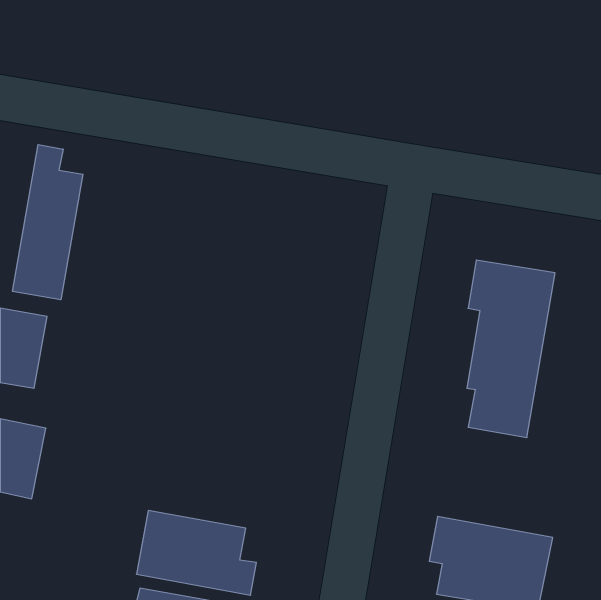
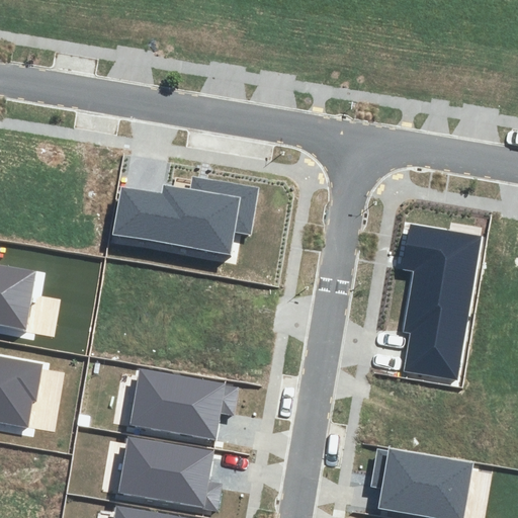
building: [13,145,83,300] -> none
building: none -> [111,180,262,254]
building: none -> [133,370,241,441]

